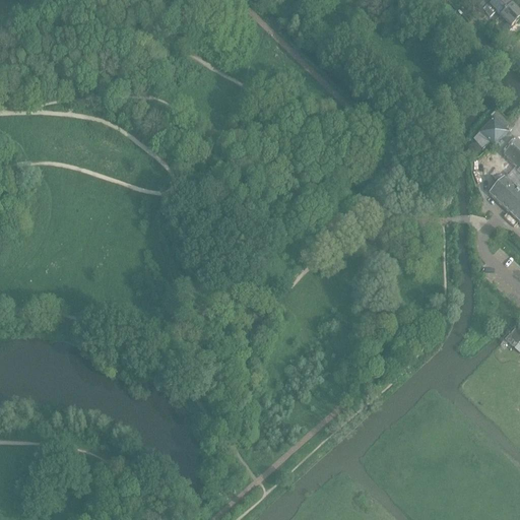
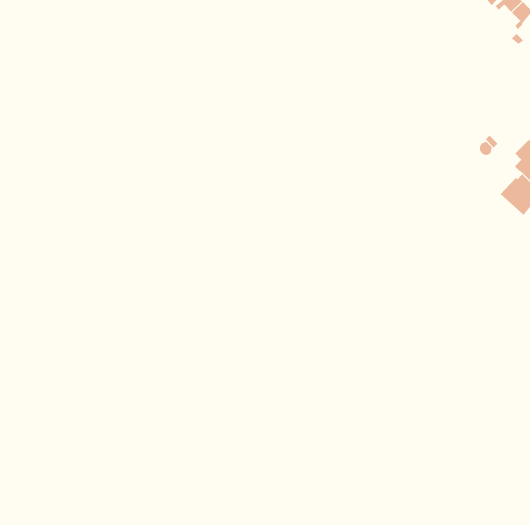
building: [479,112,511,143] -> none

